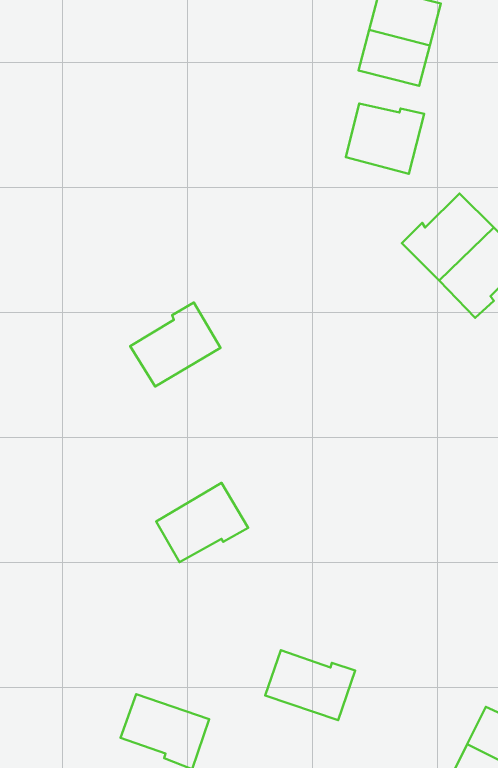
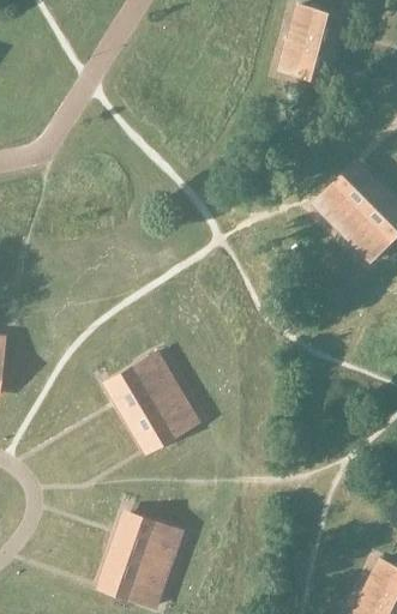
building: [346,103,424,174] -> none
building: [130,303,220,387] -> [106,353,175,417]
building: [265,650,355,720] -> [109,516,179,570]

